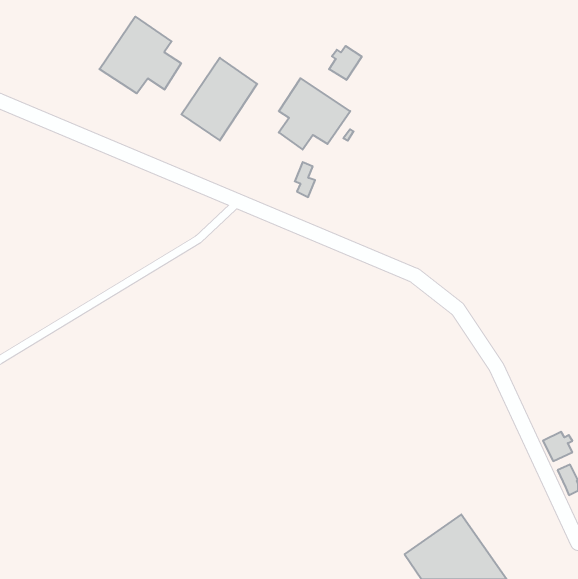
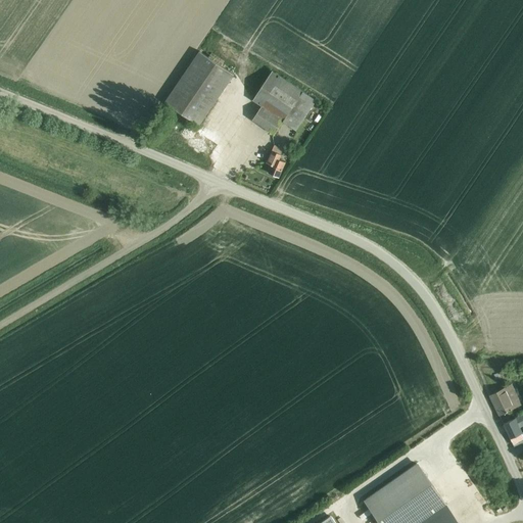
building: [99,17,181,93] -> none
building: [329,46,362,80] -> none

